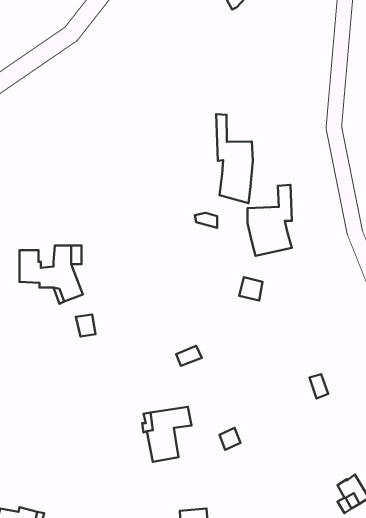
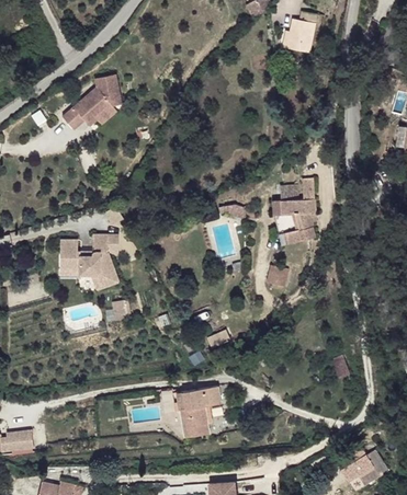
building: none -> [285,11,316,53]
building: none -> [61,74,121,130]
building: [216,114,253,203] -> none

